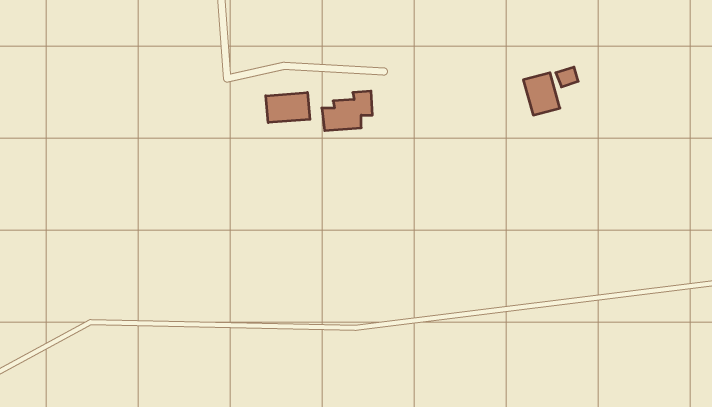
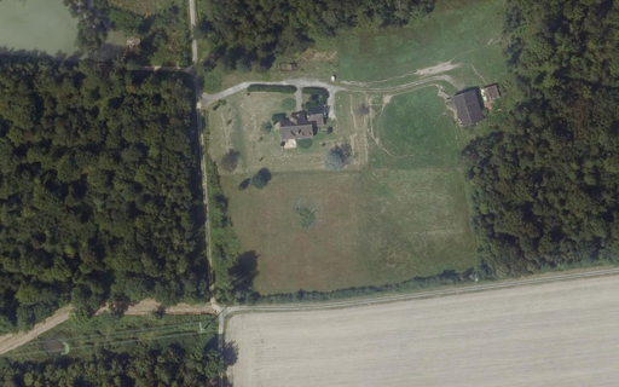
building: [266,92,310,123] -> none

